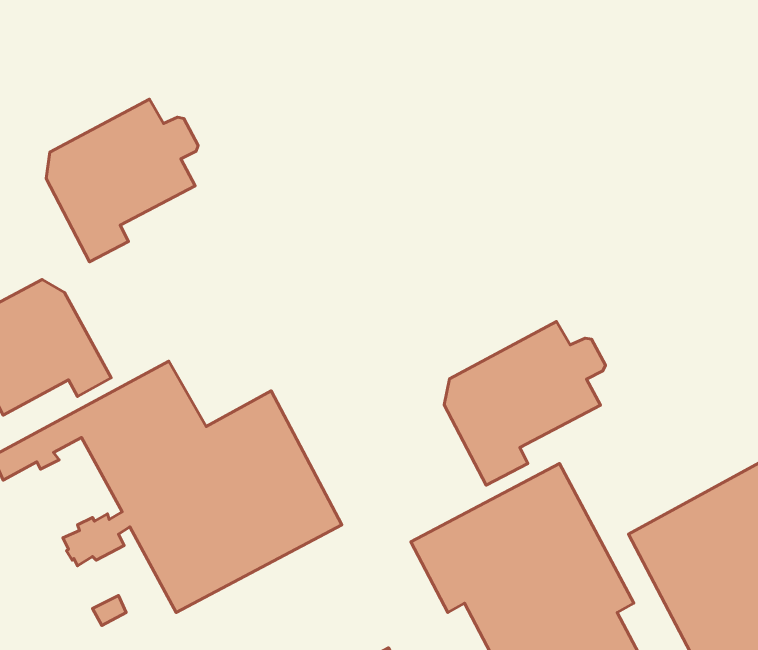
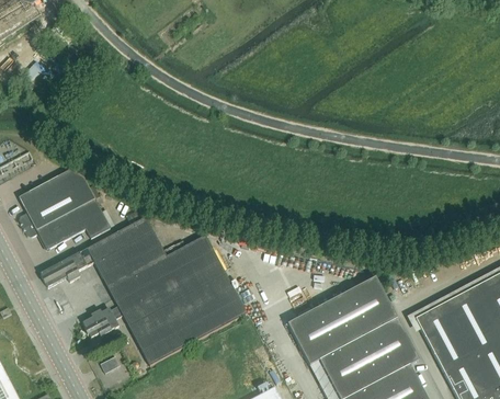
building: [46,99,198,262] -> none
building: [444,322,605,485] -> none

